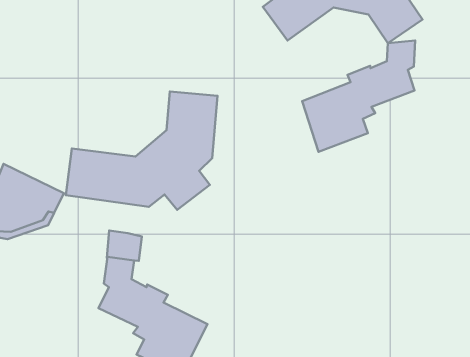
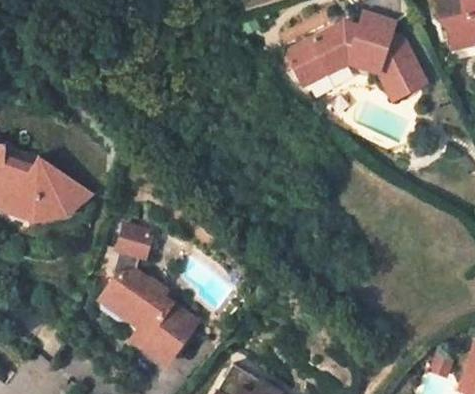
building: [302,41,415,152] -> none
building: [66,91,218,210] -> none

